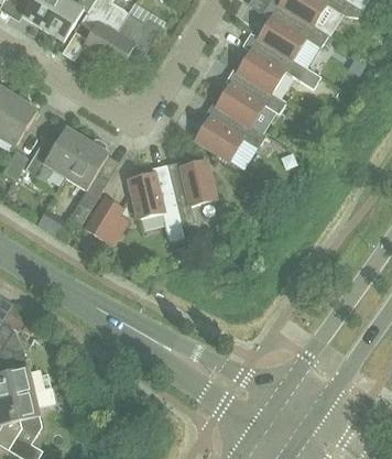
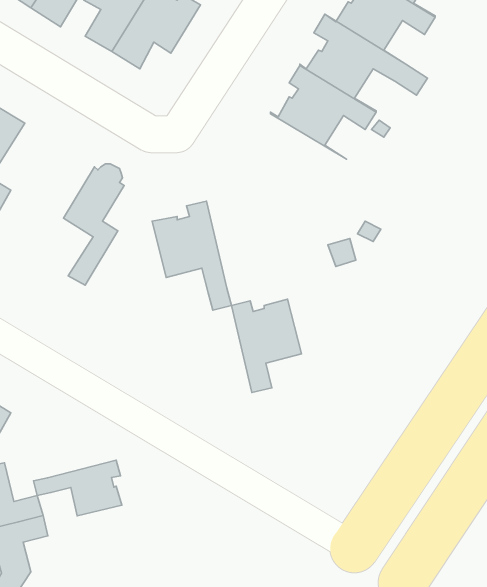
building: [194,102,264,160] -> none
building: [24,127,86,181] -> none
building: [165,160,215,226] -> [232,299,301,393]
building: [83,195,123,240] -> none
building: none -> [34,460,122,516]

